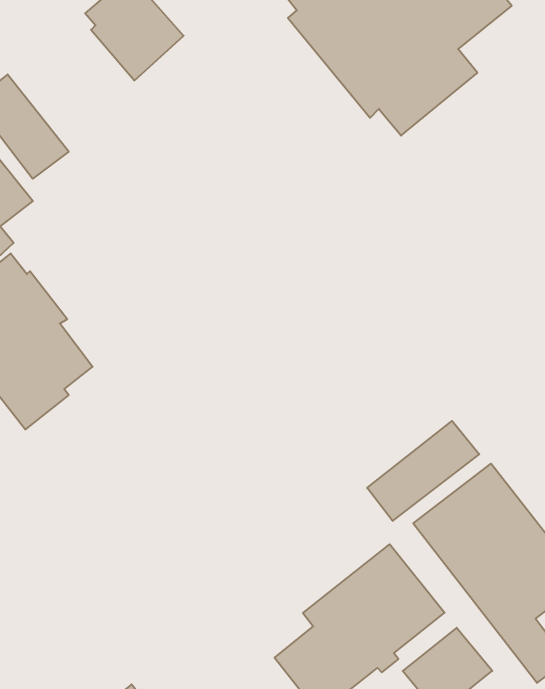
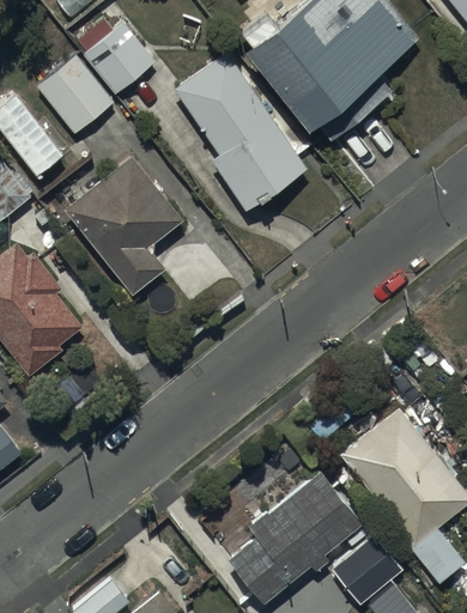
building: none -> [172,49,309,211]
building: none -> [35,54,115,136]
building: none -> [62,152,183,296]
building: [367,421,479,521] -> none

